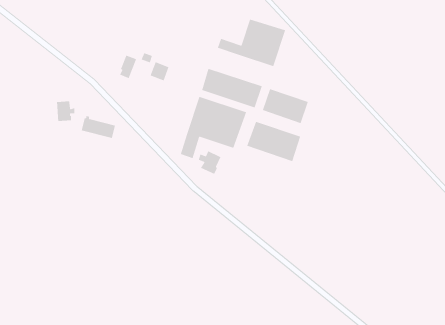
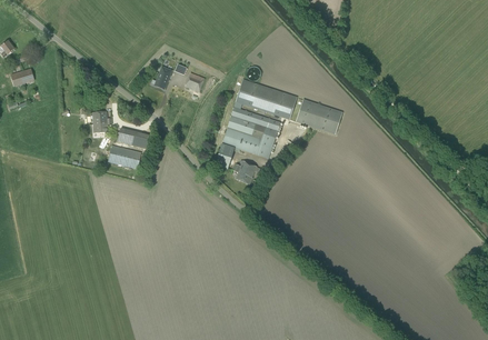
building: [217,19,286,67] -> none
building: [246,121,301,162] -> none
building: none -> [108,144,141,169]

